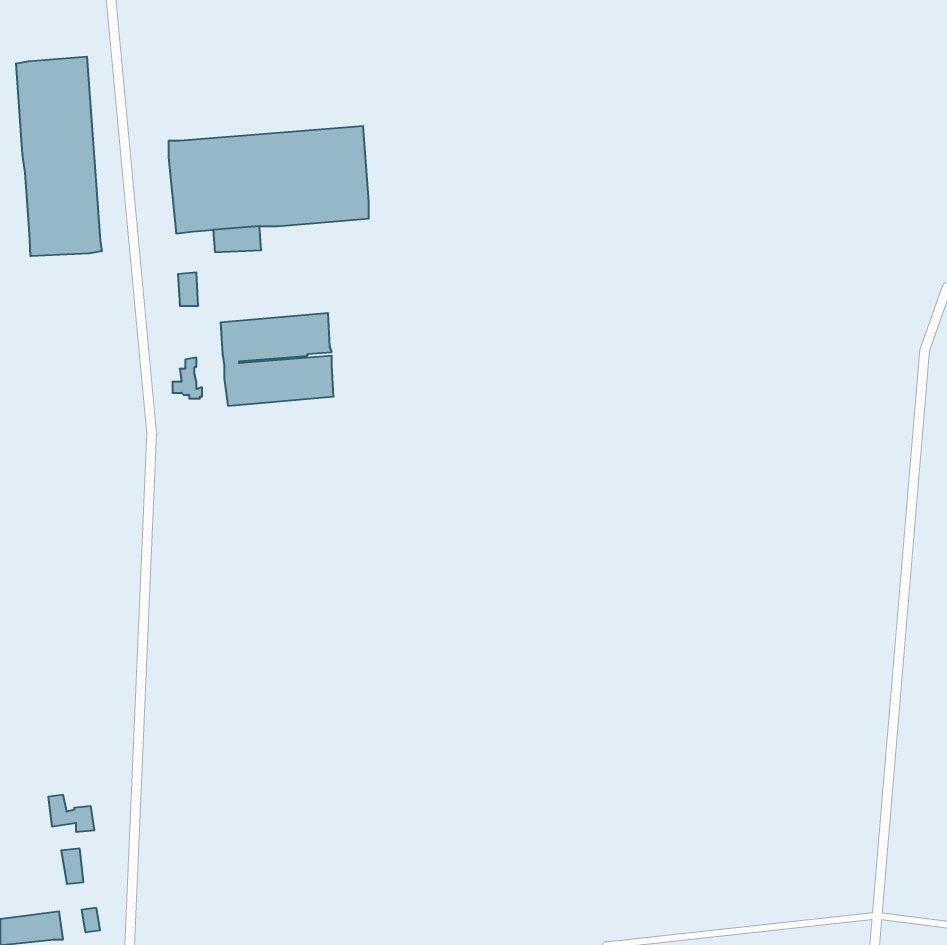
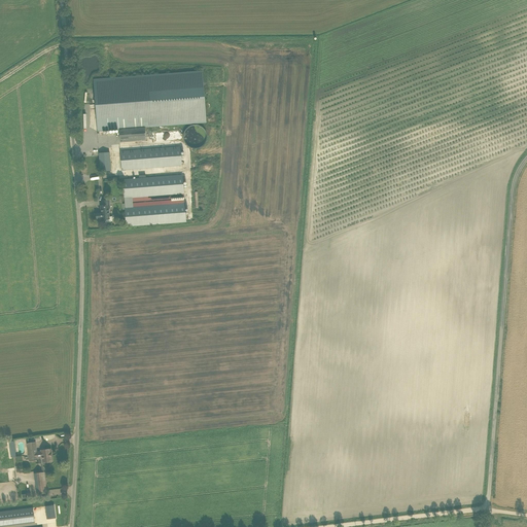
building: [16,57,102,256] -> none
building: none -> [120,146,181,169]

